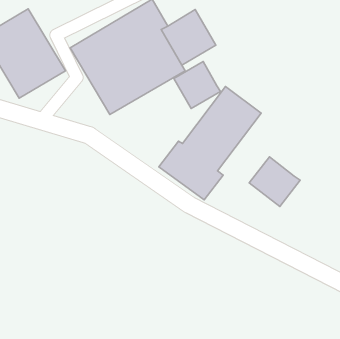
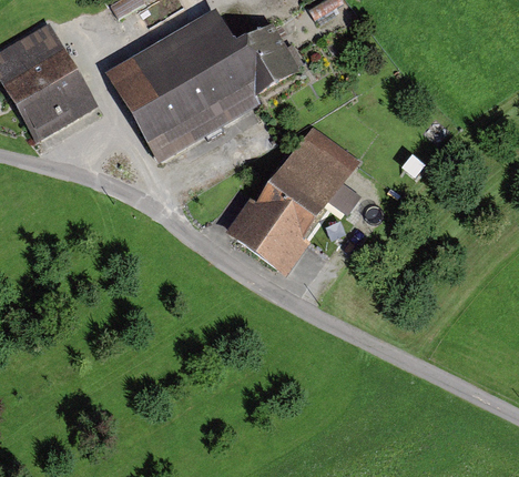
building: [174,62,220,108] -> none
building: [249,157,300,207] -> none

